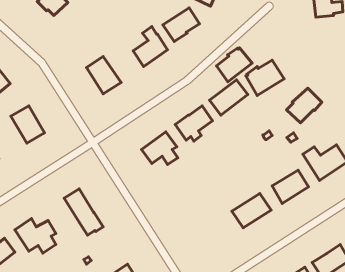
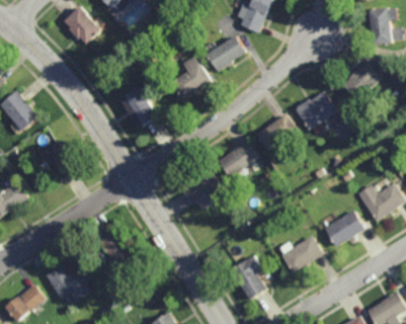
building: [216,48,252,82] -> none
building: [286,88,322,123] -> [342,62,381,99]
building: none -> [229,255,265,301]

